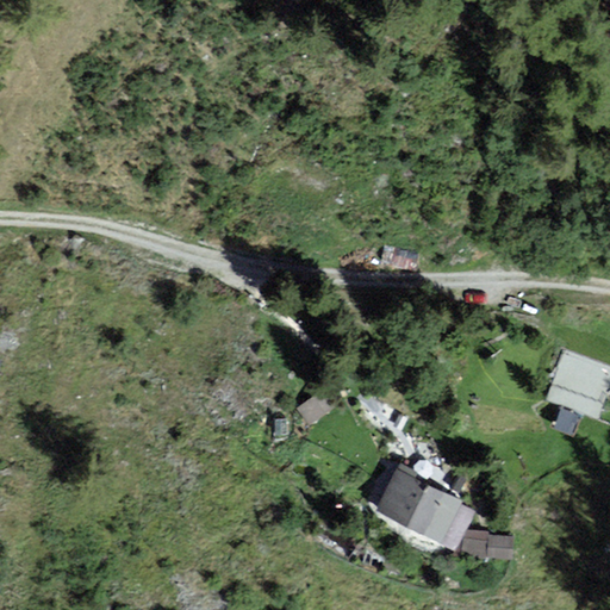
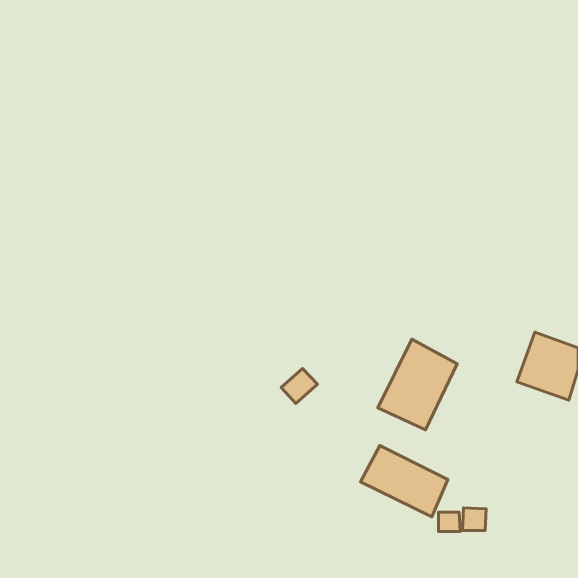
building: none -> [378,339,457,430]

